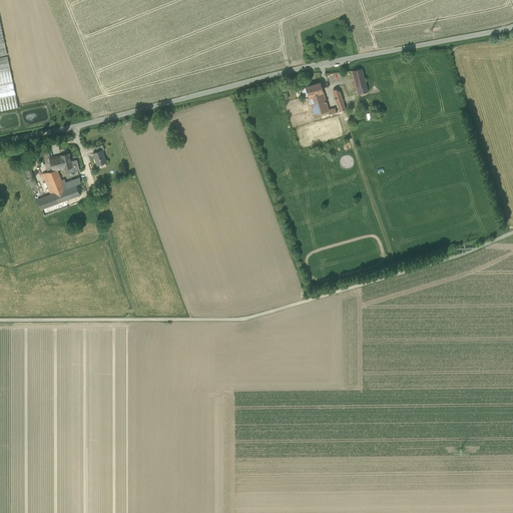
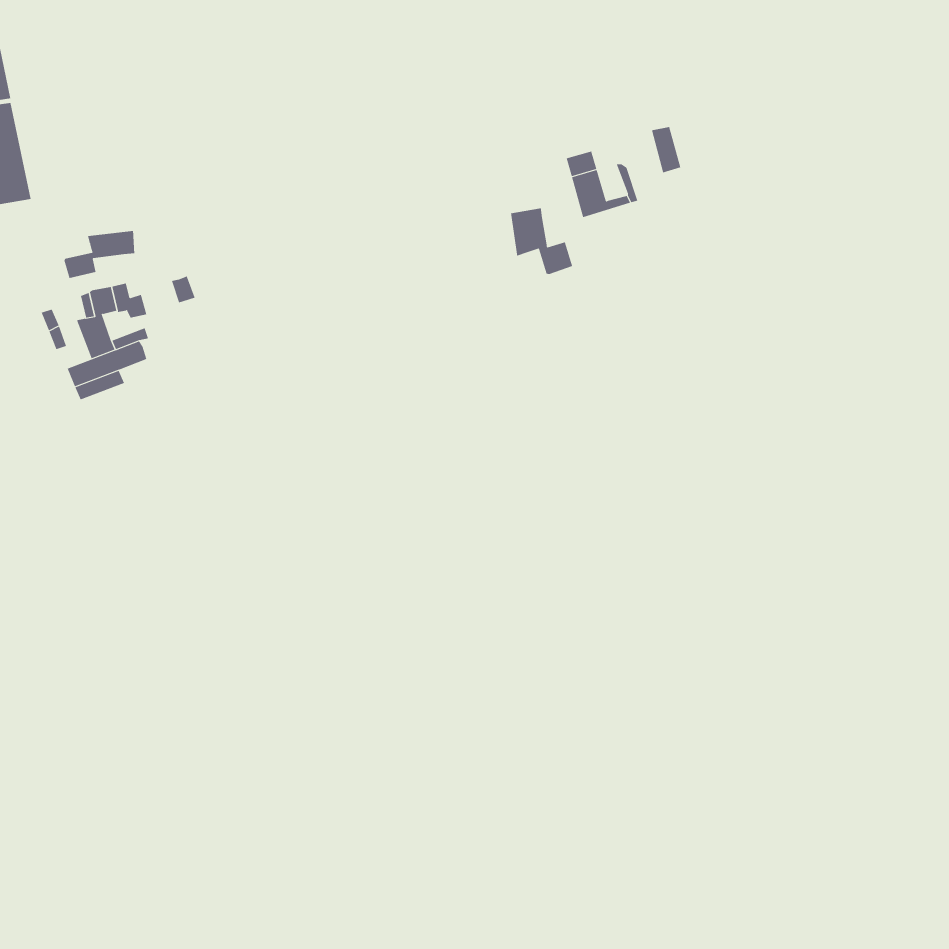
building: none -> [511,207,573,275]
building: none -> [64,230,135,279]

